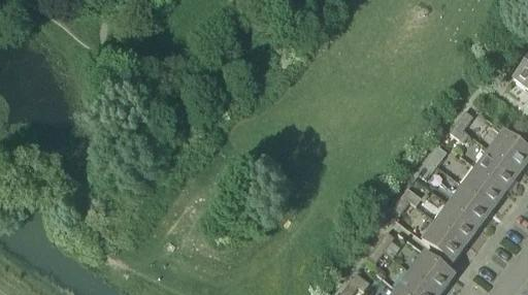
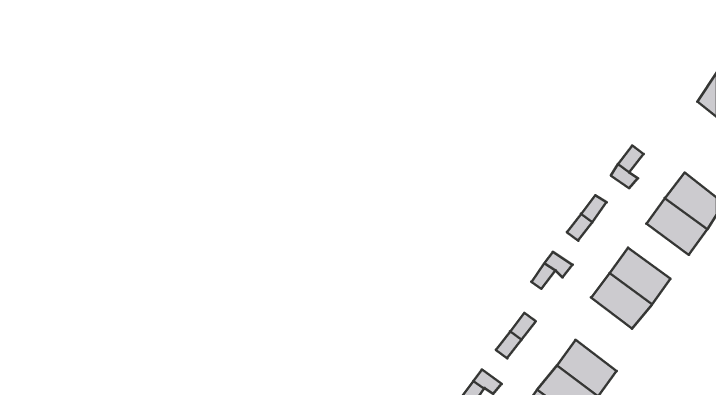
building: [462,165,506,205] -> none
building: [421,219,465,260] -> none

